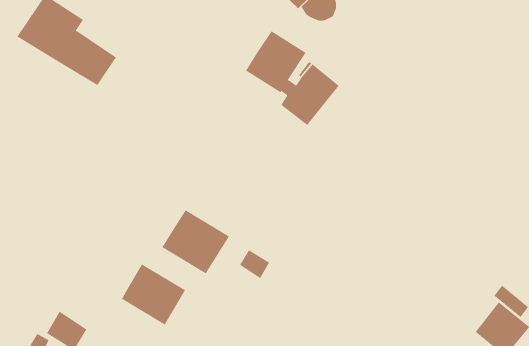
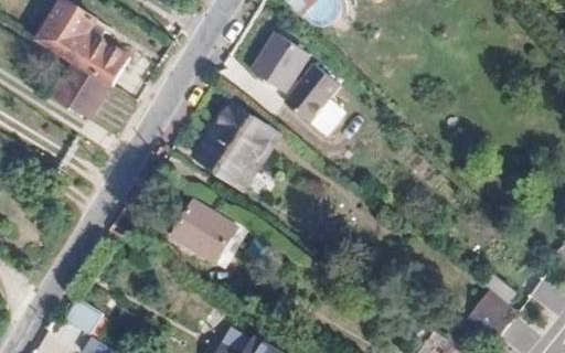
building: none -> [53,62,113,117]
building: none -> [194,104,273,184]
building: [121,263,186,326] -> none

